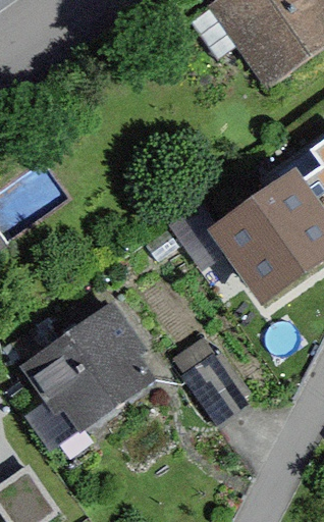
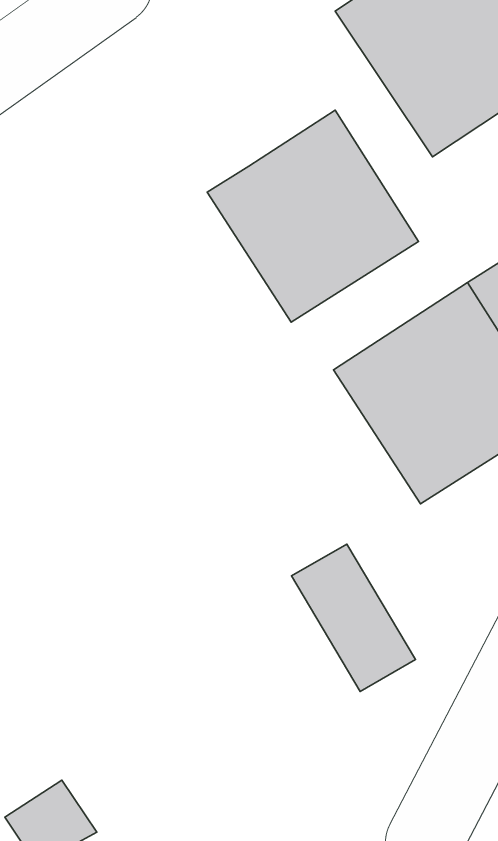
building: none -> [207,110,418,322]
building: [18,304,160,437] -> none

